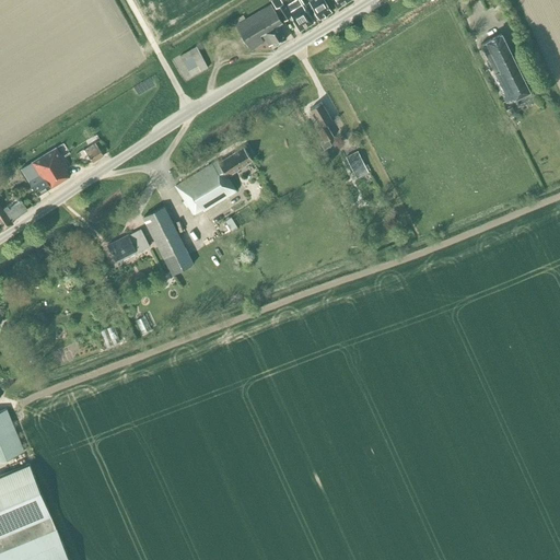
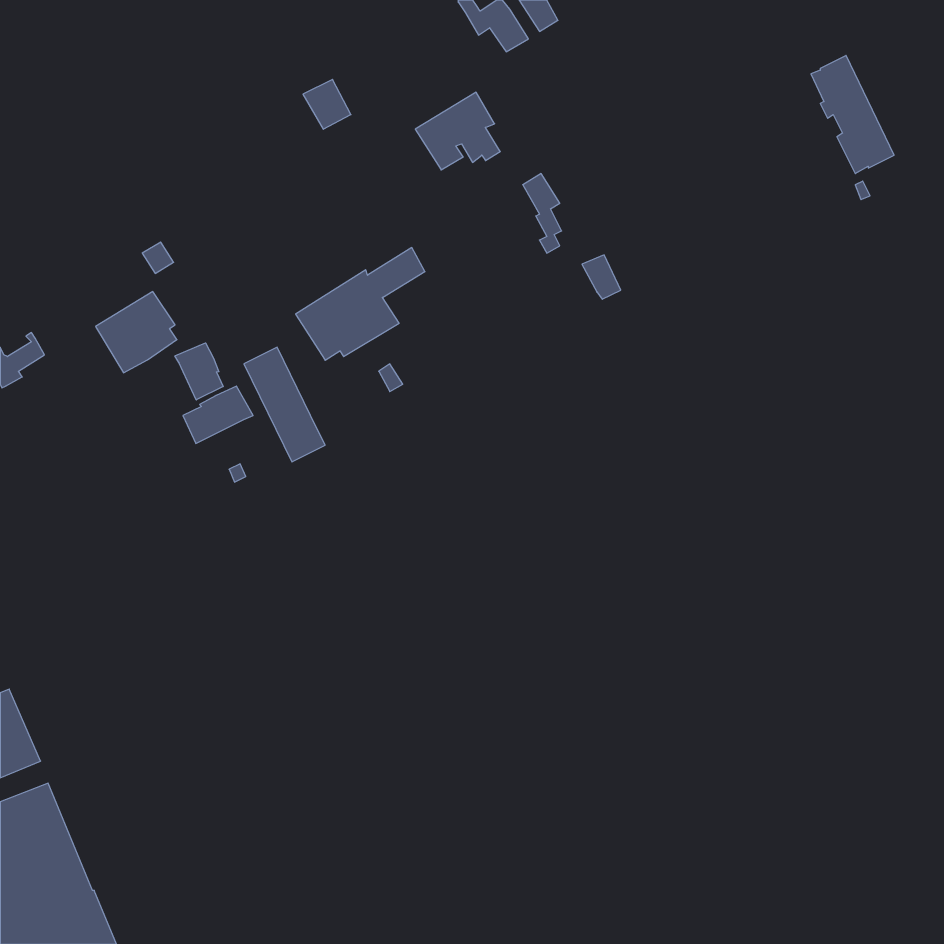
building: [235,4,285,50] -> [415,92,500,170]
building: [21,148,69,196] -> [96,292,177,373]
building: none -> [175,343,223,400]

